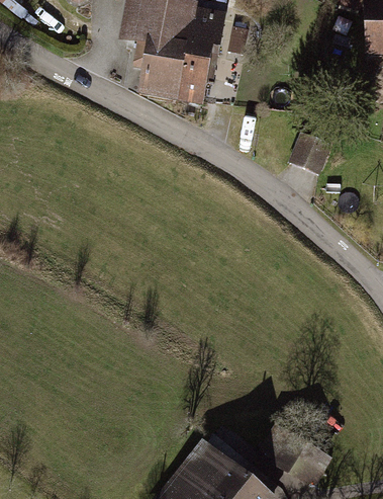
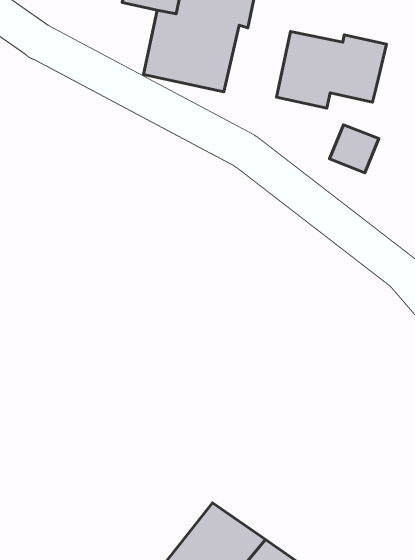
building: none -> [276,31,386,108]

